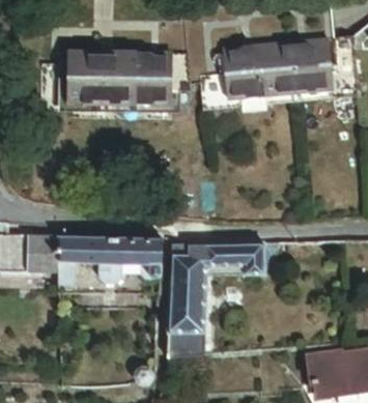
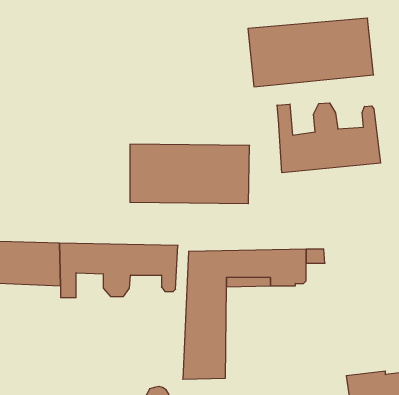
building: [67,53,172,105] -> [130,144,250,204]
building: none -> [277,103,380,173]

